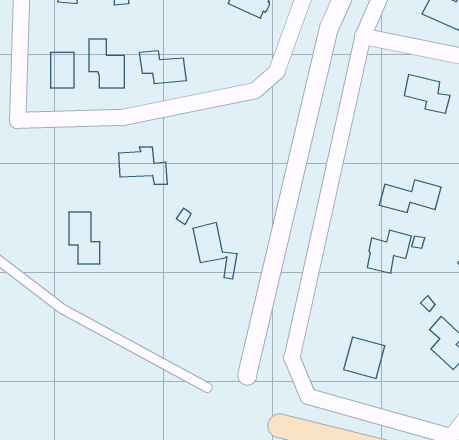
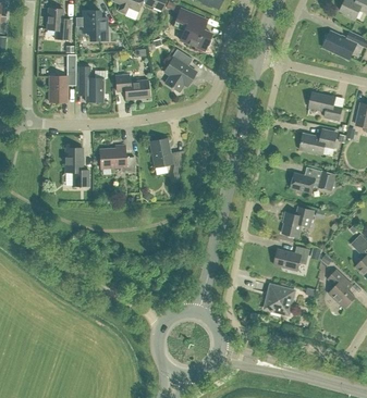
building: none -> [164,48,196,91]
building: none -> [299,129,338,154]
building: [69,212,100,264] -> [65,147,88,185]
building: [193,223,237,279] -> [149,137,182,178]
building: none -> [274,246,310,270]

